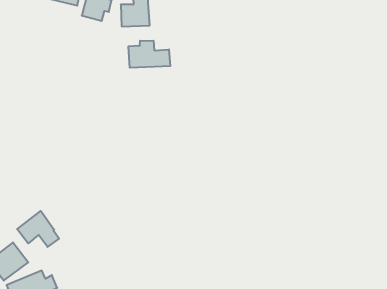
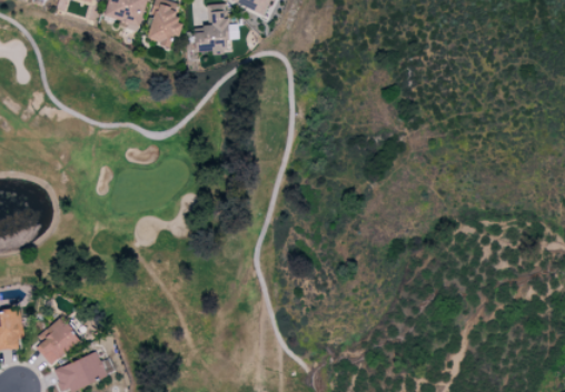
building: [129,41,170,68] -> none
building: [17,211,59,247] -> none

